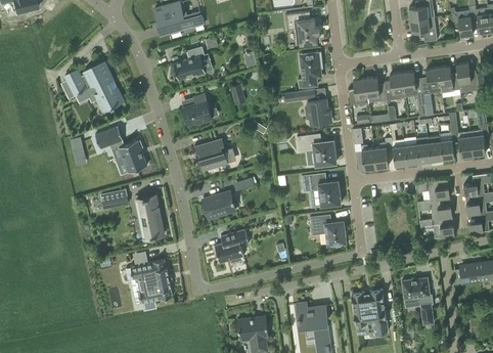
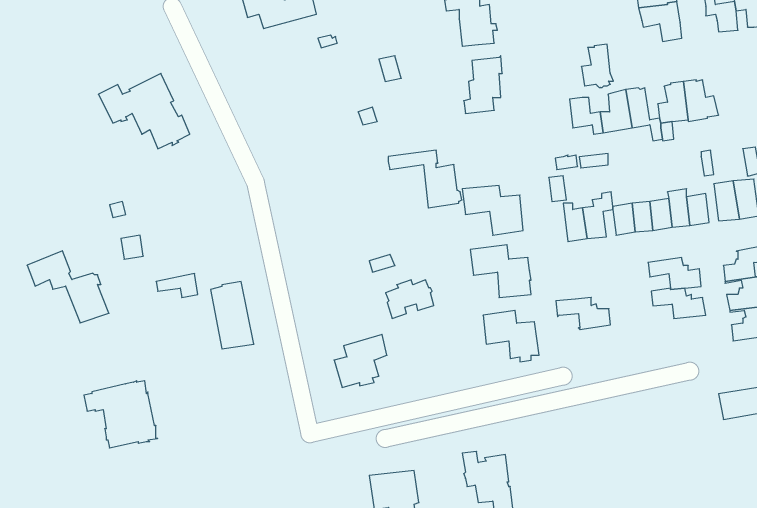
building: [173,47,206,80] -> none
building: [456,63,479,93] -> none
building: [349,79,369,106] -> [581,44,613,87]
building: [284,89,331,126] -> [388,150,462,208]
building: [182,94,212,125] -> none
building: [96,126,148,172] -> [27,251,109,323]
building: [194,138,228,172] -> none
building: [205,194,235,219] -> [386,280,434,318]
building: [419,218,454,238] -> [556,297,610,330]
building: [126,260,173,303] -> [84,381,158,448]
building: [402,277,434,324] -> none
building: [351,290,388,333] -> none

